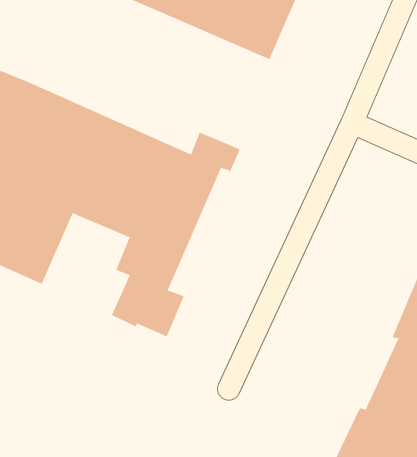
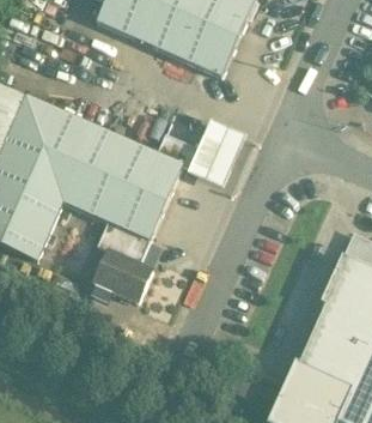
building: none -> [184,120,244,191]

